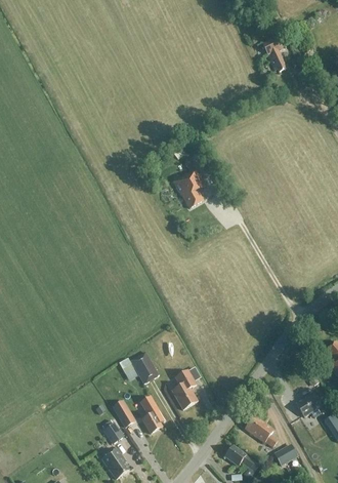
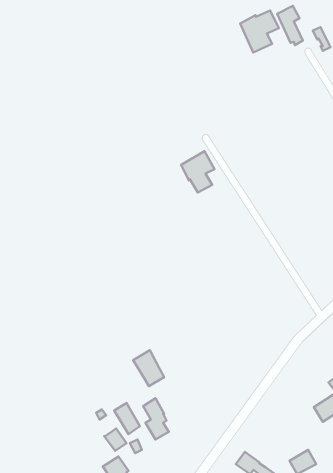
building: none -> [240,11,279,53]
building: [171,367,200,410] -> none
building: [244,415,277,447] -> none

